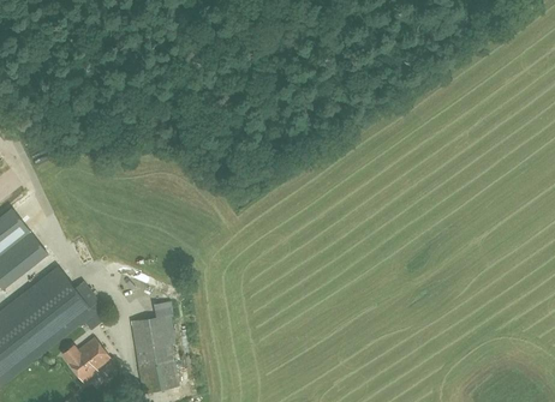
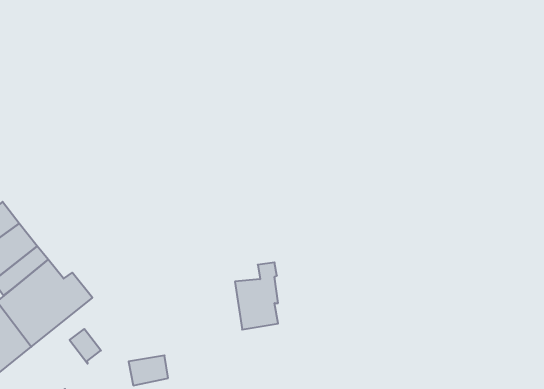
building: [131,301,174,368] -> [235,262,278,330]
building: [61,344,97,382] -> none

